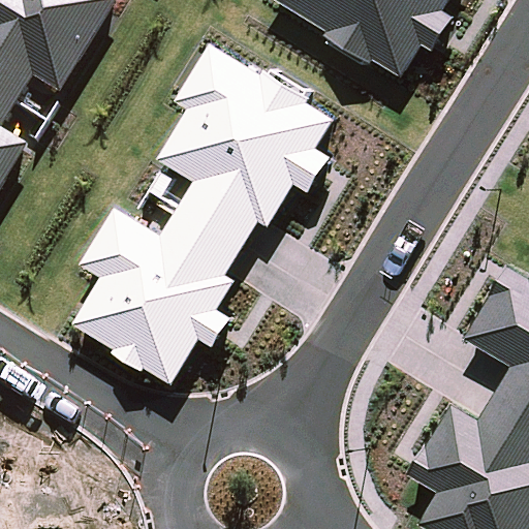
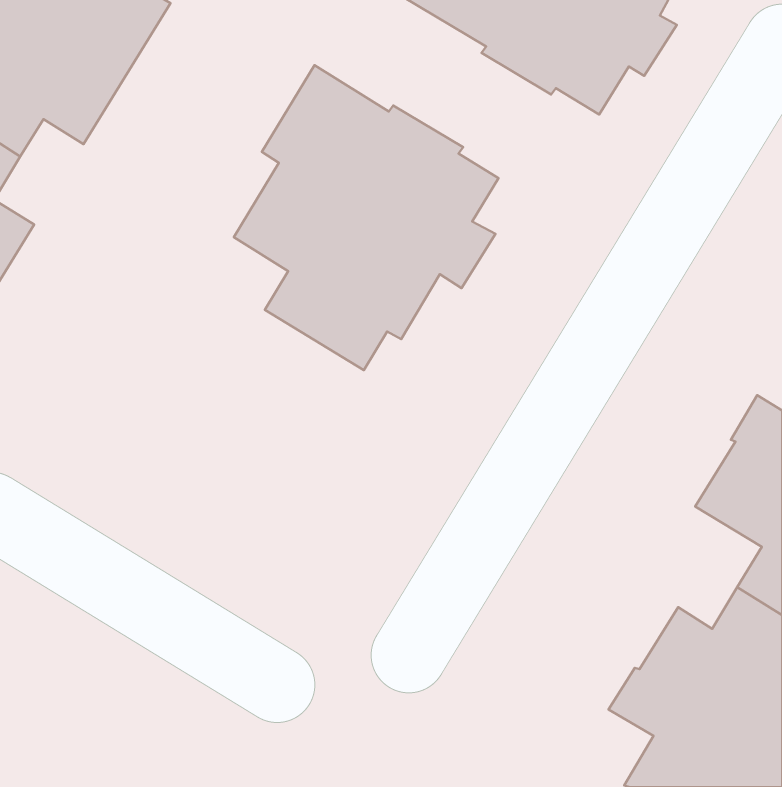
building: [71,207,243,384] -> none

